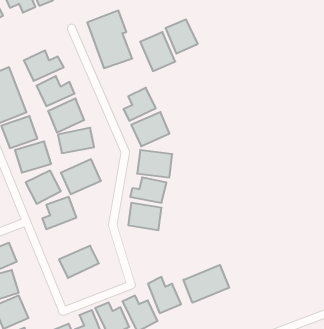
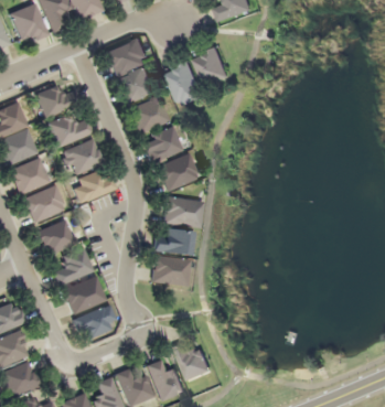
building: none -> [129,96,169,133]
building: [61,159,101,194] -> [62,276,107,315]
building: [183,265,229,303] -> none

